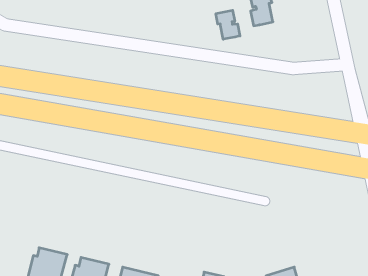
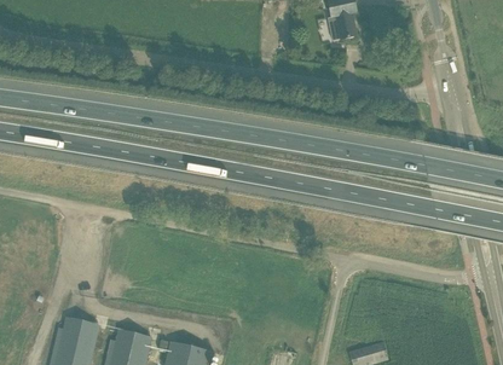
building: [216,10,240,39] -> none

